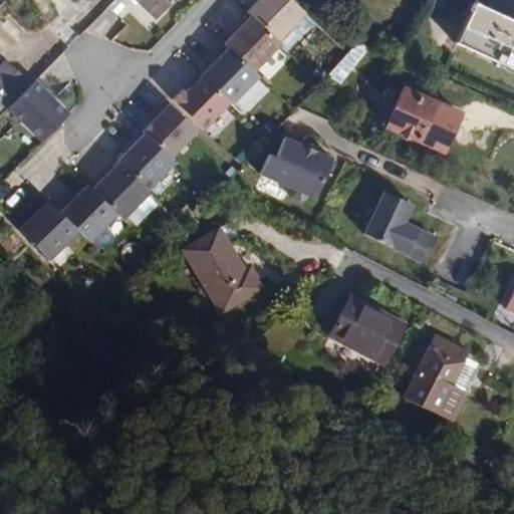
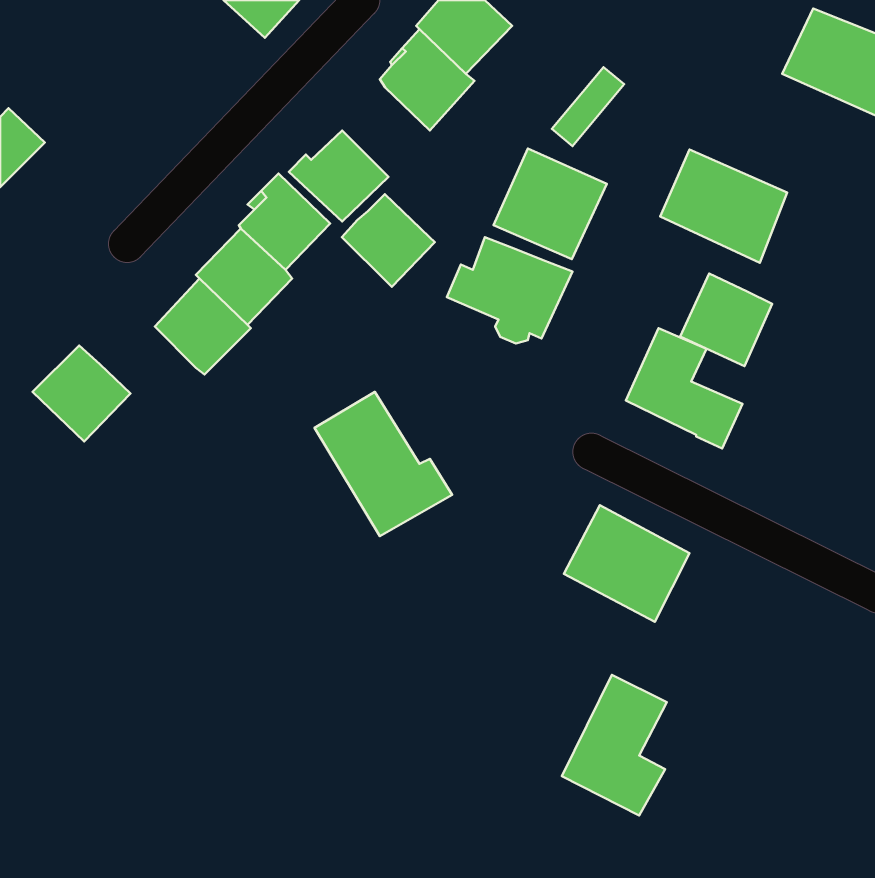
building: [202,51,256,105] -> [342,194,435,287]
building: [11,83,70,143] -> none
building: none -> [493,149,607,259]
building: none -> [680,274,772,366]
building: [60,186,116,242] -> none
building: [407,337,468,420] -> [562,675,667,816]

